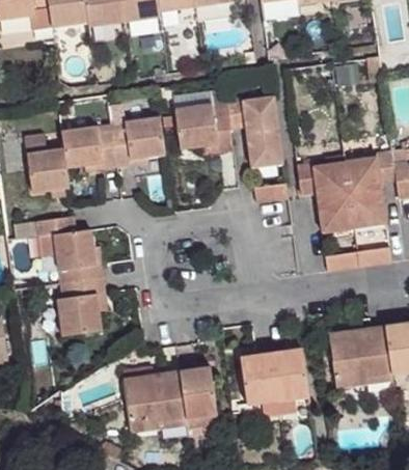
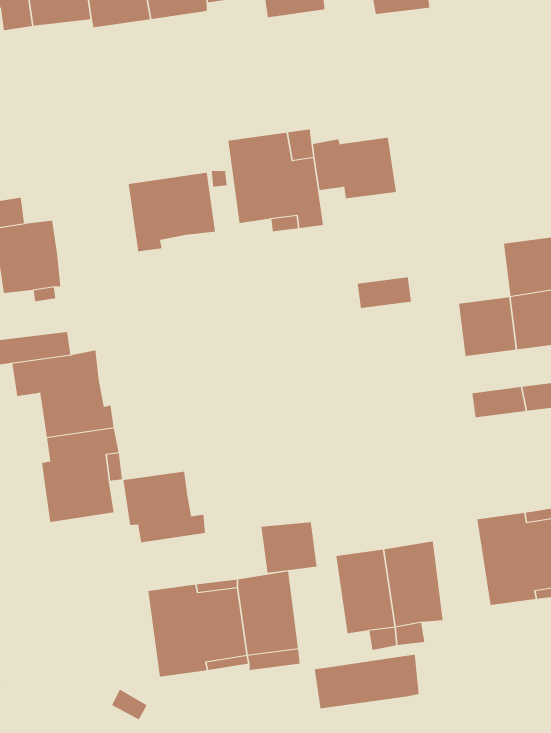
building: [61,125,116,169] -> none
building: [246,130,282,167] -> none
building: [296,162,349,199] -> none
building: none -> [123,471,206,543]
building: none -> [261,521,317,573]
building: none -> [314,654,419,709]

